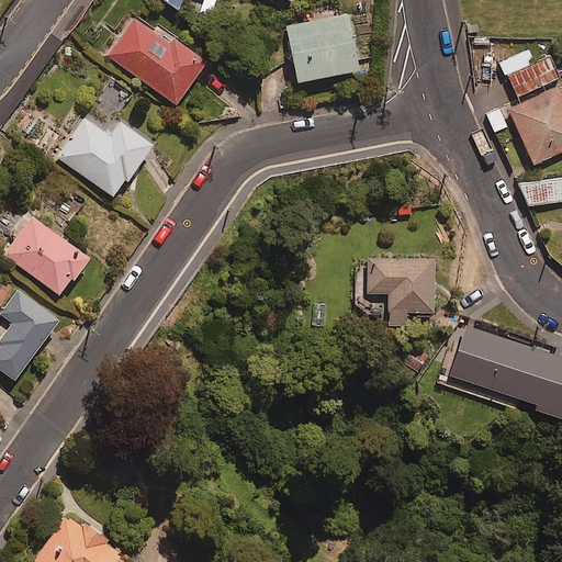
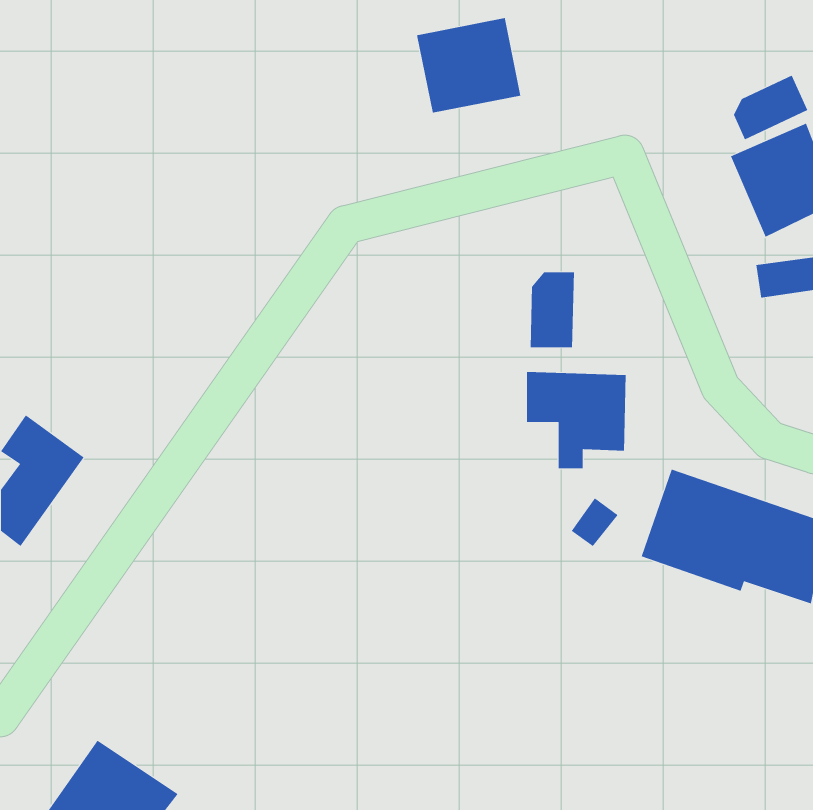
building: [110,19,206,104] -> none
building: [58,117,154,198] -> none
building: none -> [530,272,574,348]
building: [5,216,90,295] -> none

